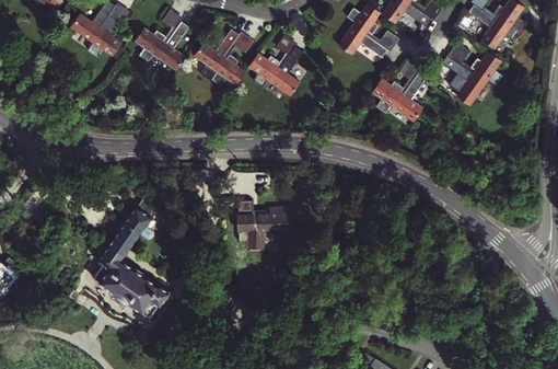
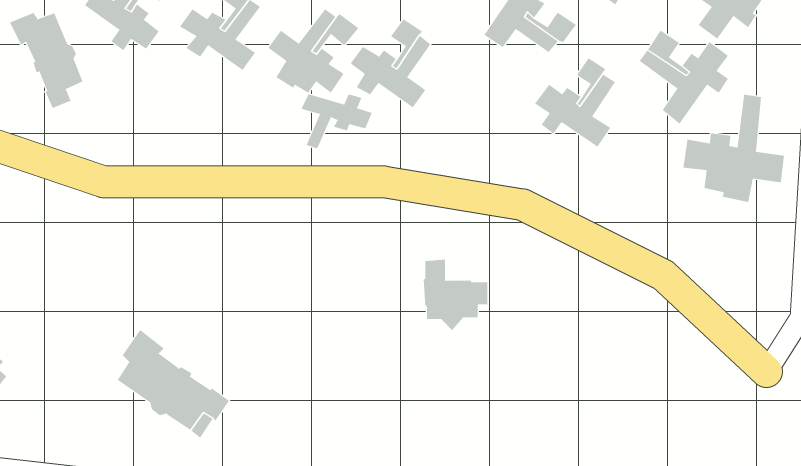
building: none -> [9,12,83,109]
building: none -> [301,94,372,149]
building: none -> [683,94,784,203]
building: [107,199,154,256] -> none
building: [235,200,279,249] -> [423,259,488,331]

